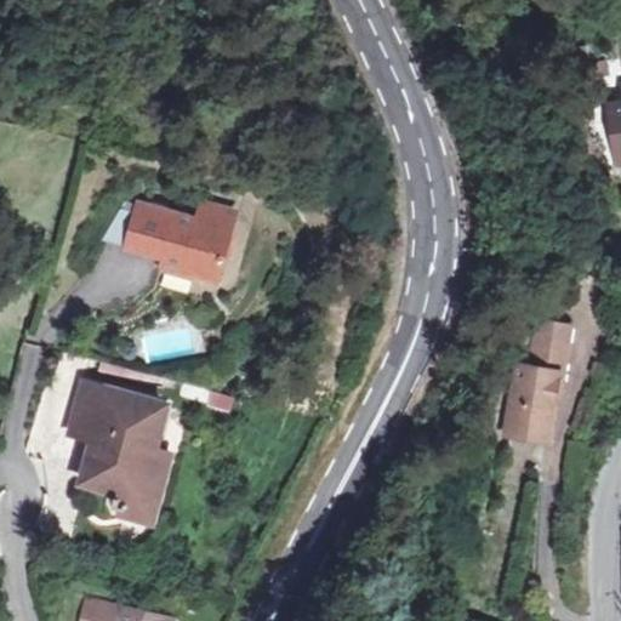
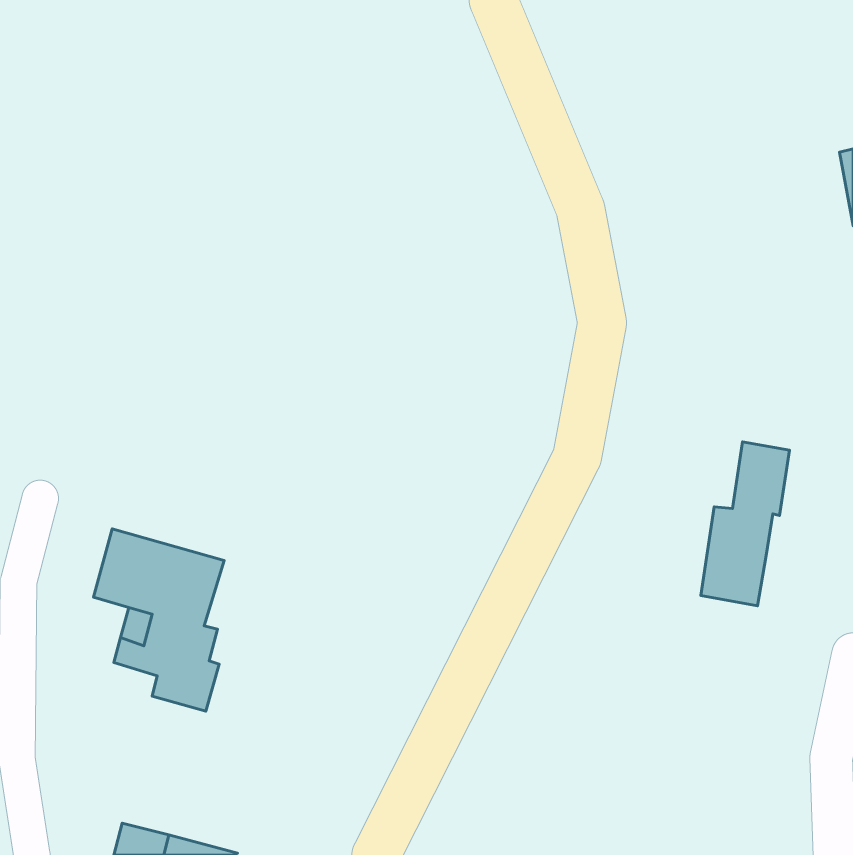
building: [127,201,234,278] -> none

